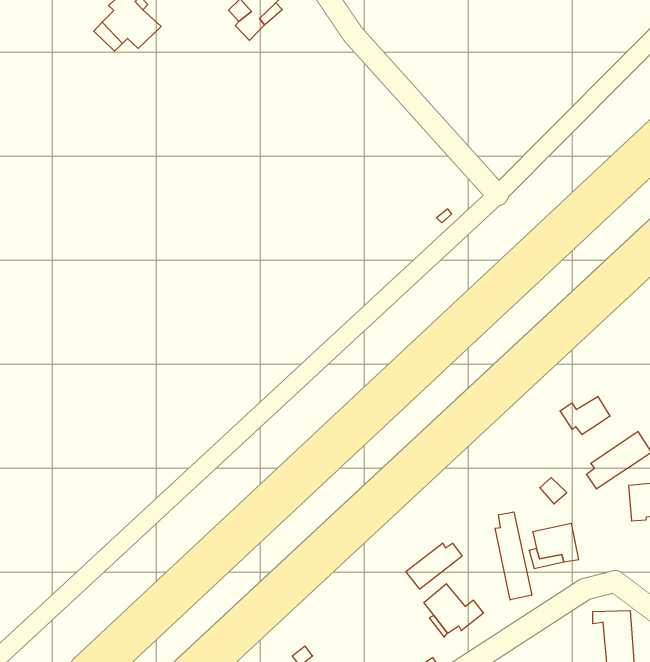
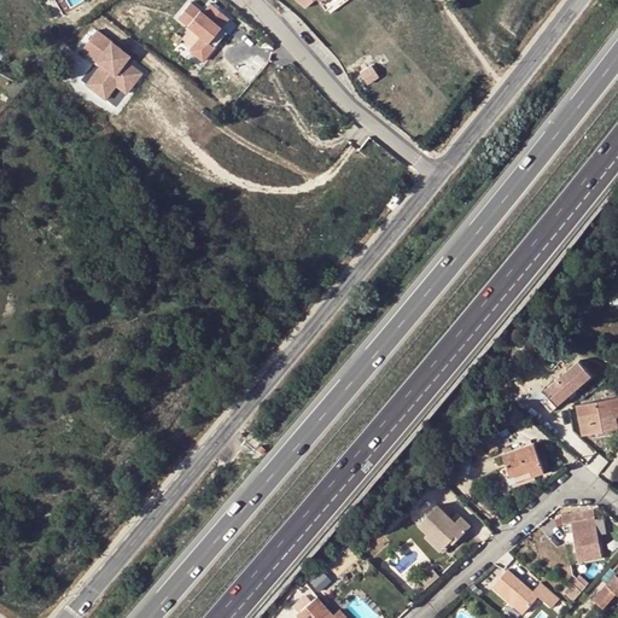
building: [560,396,610,435] -> none
building: [495,512,532,600] -> none
building: [406,543,462,589] -> none

